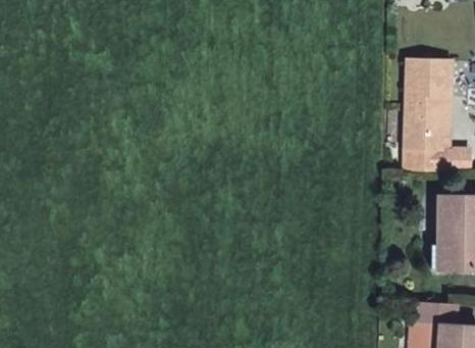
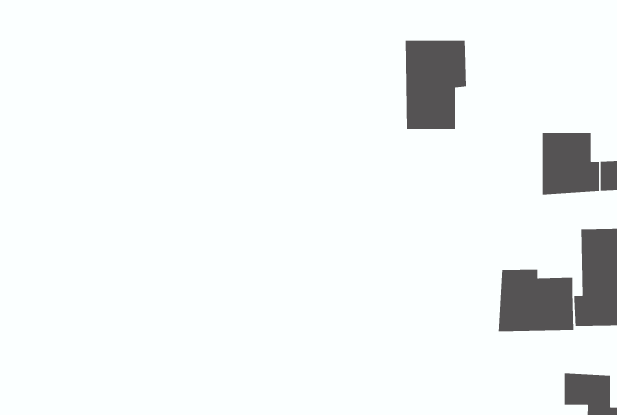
building: [407,59,453,126] -> [405,40,467,130]
building: none -> [498,269,574,332]

